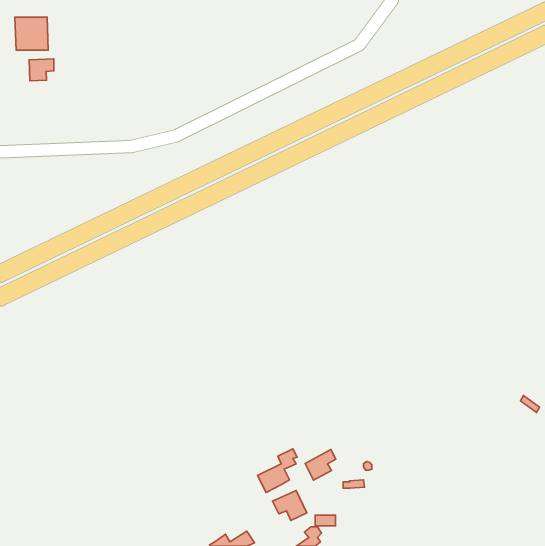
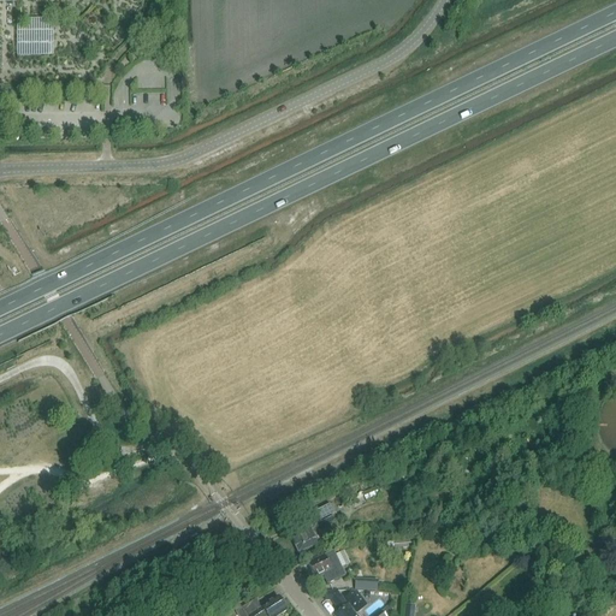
building: [29,59,54,81] -> none
building: [305,449,336,480] -> none

